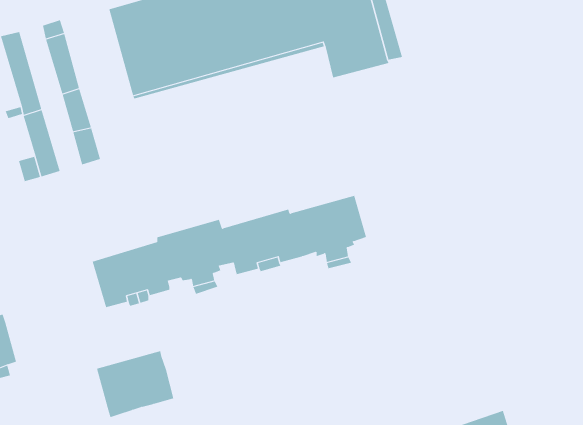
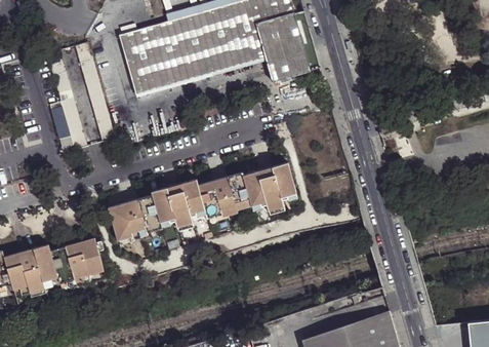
building: [96,350,174,418] -> [49,237,103,283]

